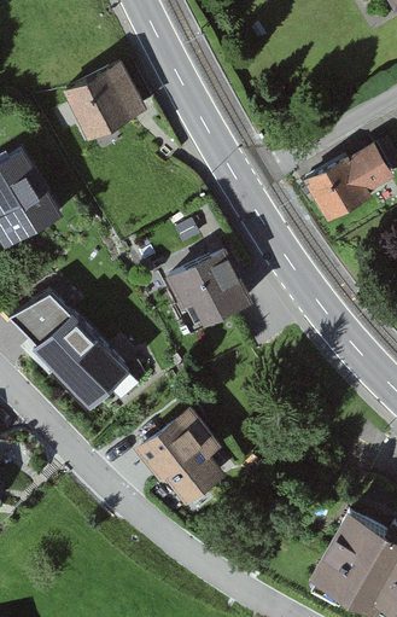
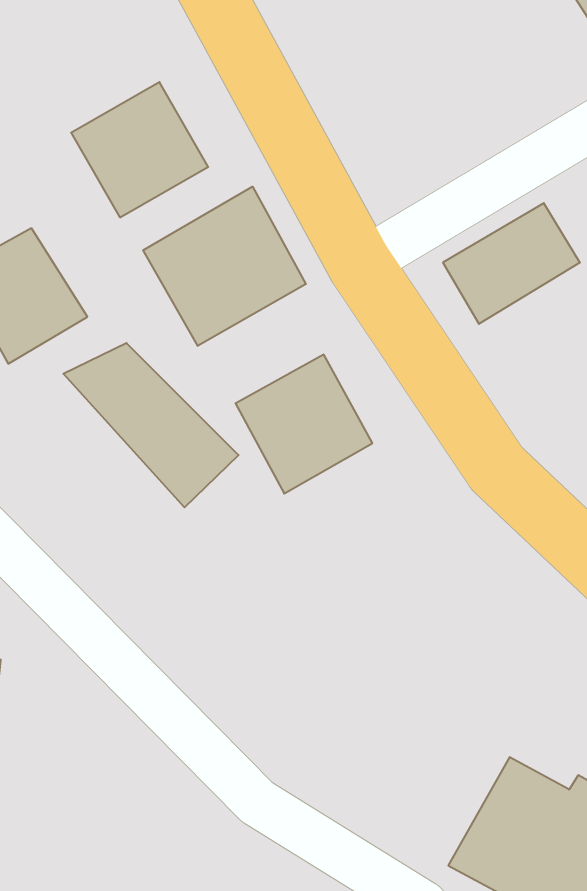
building: none -> [143,187,306,346]
building: [12,291,129,401] -> [63,343,239,507]
building: [139,413,226,512] -> none

